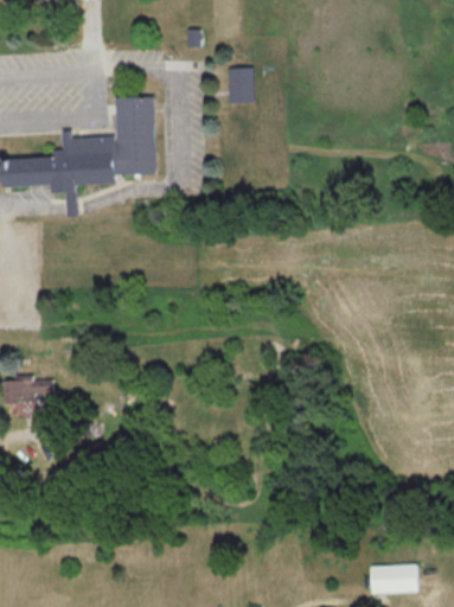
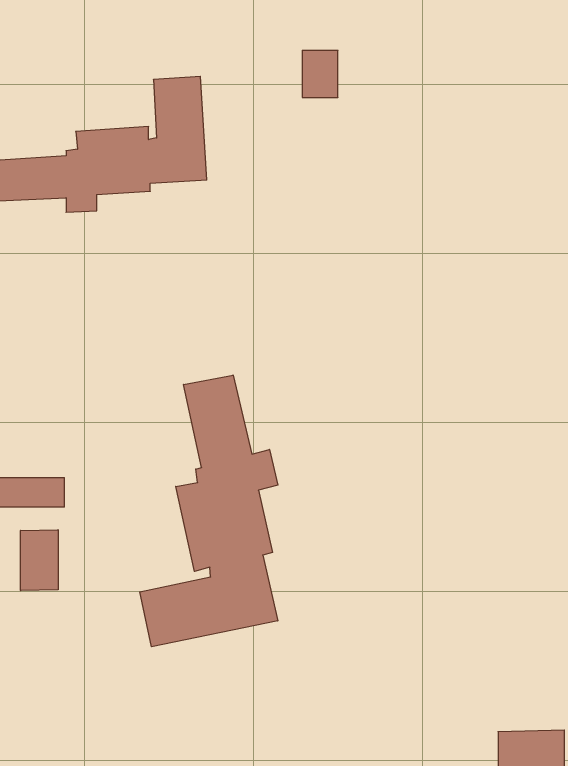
building: none -> [140,375,278,647]
building: none -> [21,530,58,591]

